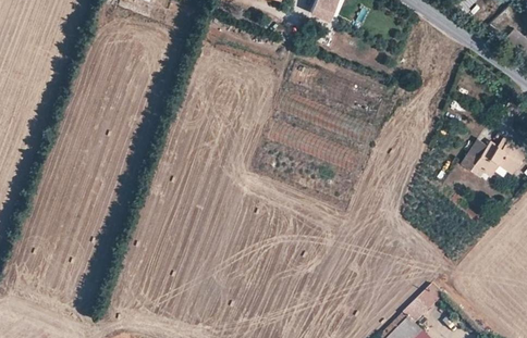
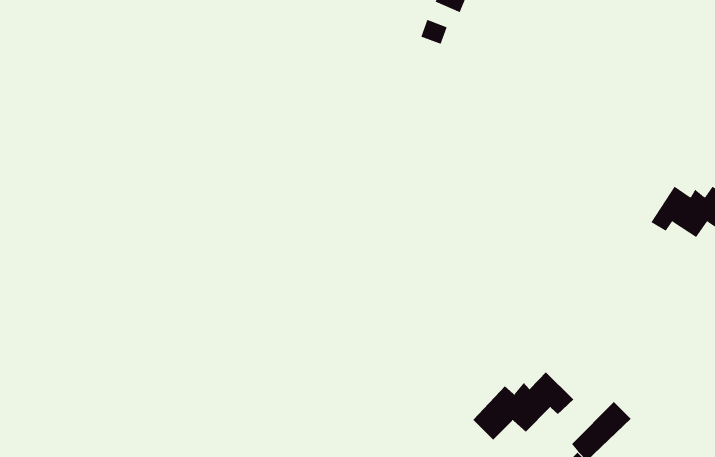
building: none -> [472,371,574,441]

